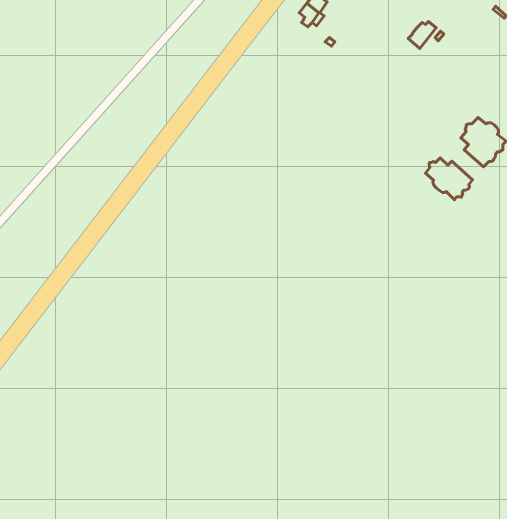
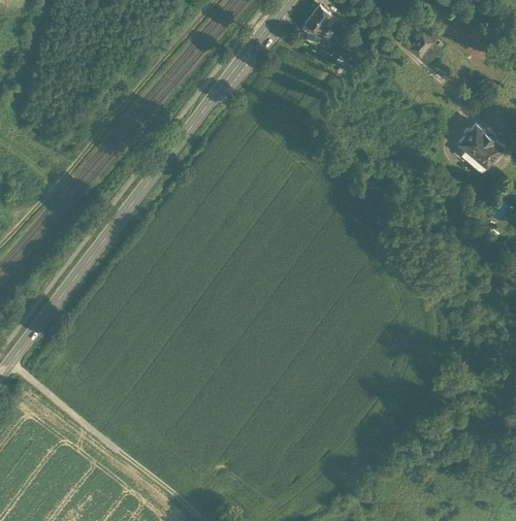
building: [426,158,473,200] -> none

